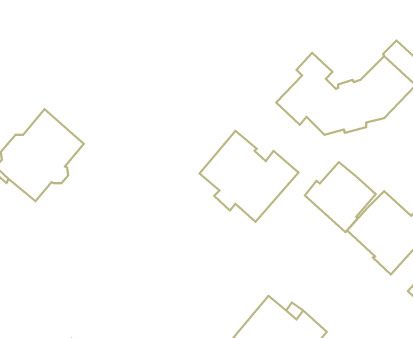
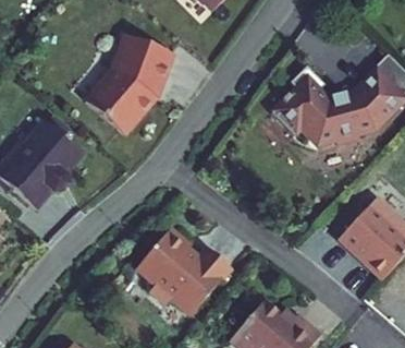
building: none -> [85,35,173,134]
building: [199,131,298,222] -> [135,228,231,316]
building: [305,162,376,232] -> none

